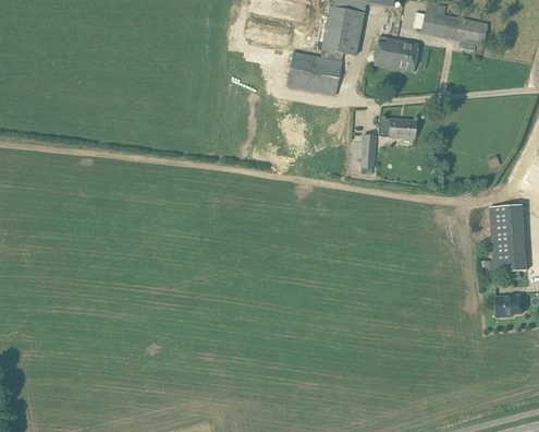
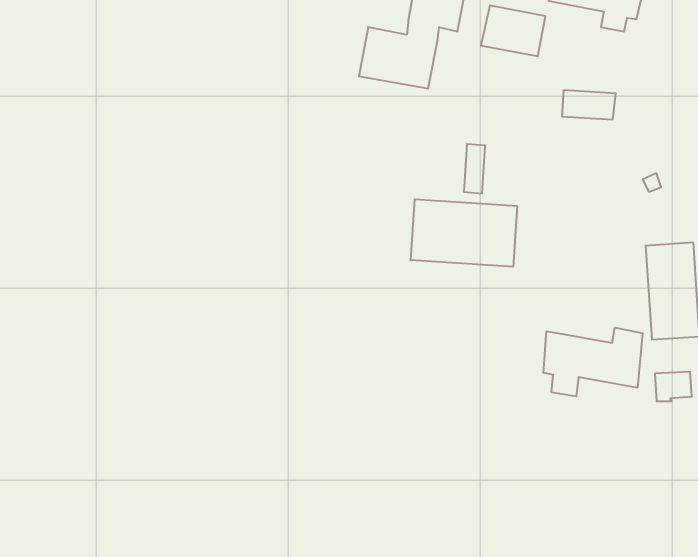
building: [378,118,416,139] -> [562,90,616,120]
building: none -> [411,199,517,267]
building: none -> [543,328,643,397]

